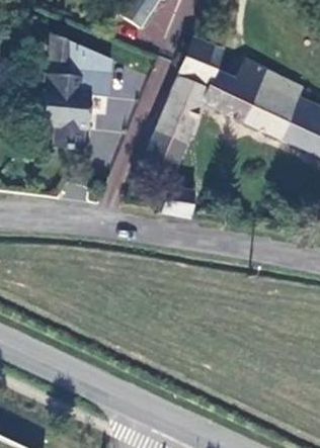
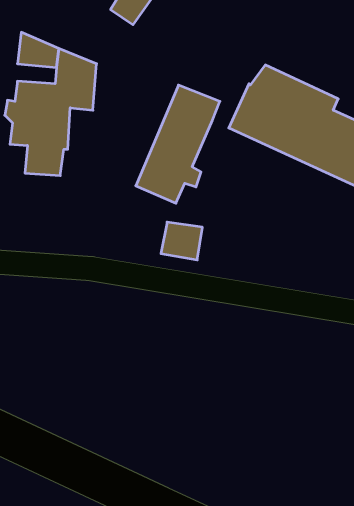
building: [176,37,233,110] -> none

